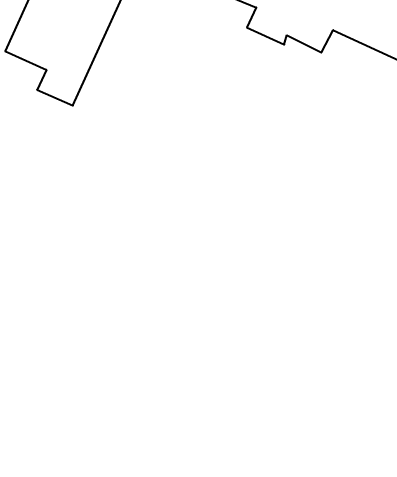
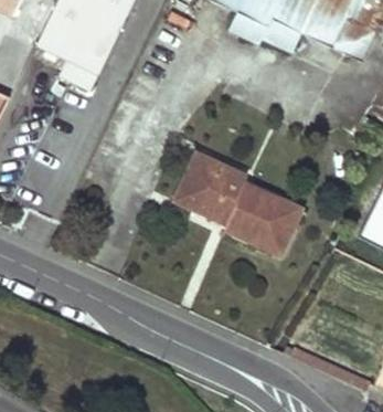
building: none -> [184,155,302,251]

